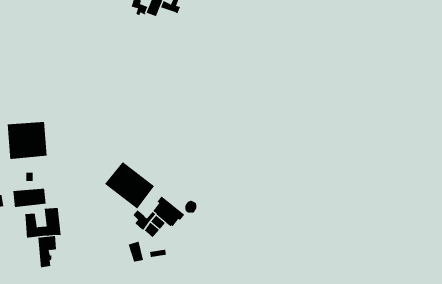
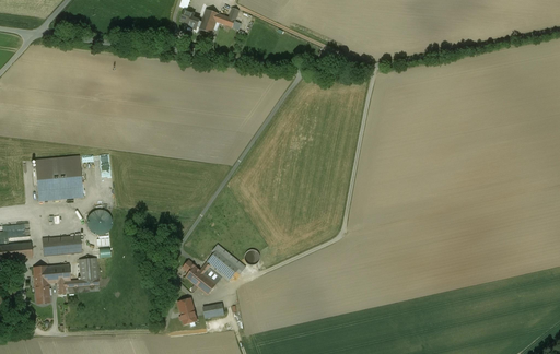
building: [104,161,155,209] -> none
building: none -> [85,209,112,235]
building: [37,236,57,268] -> [33,266,56,304]

